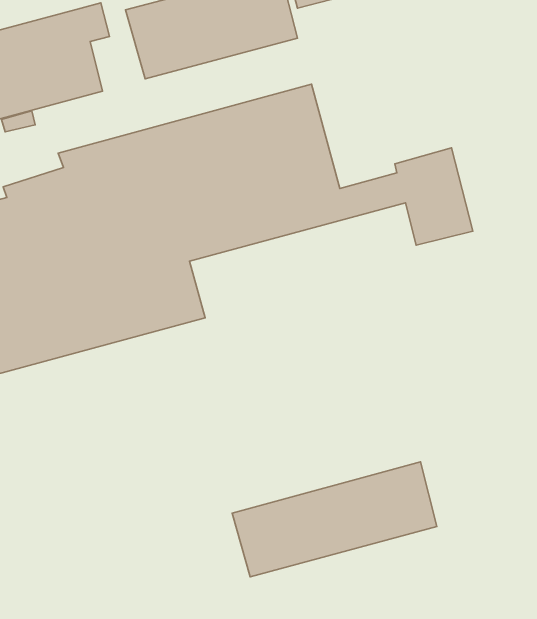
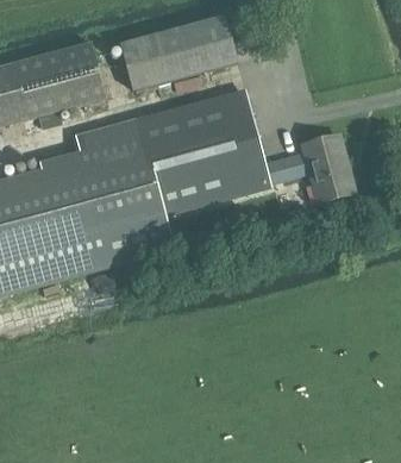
building: [232,462,437,577] -> none

